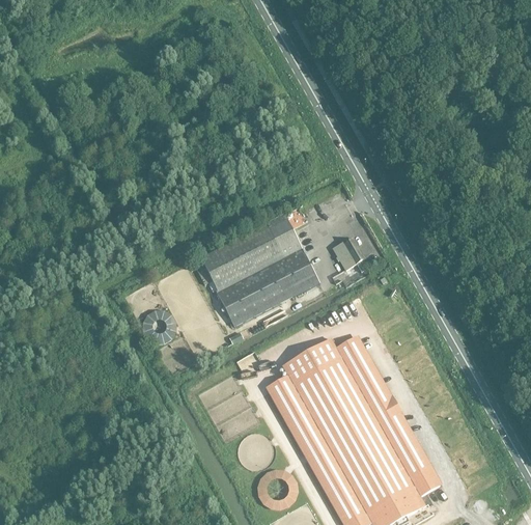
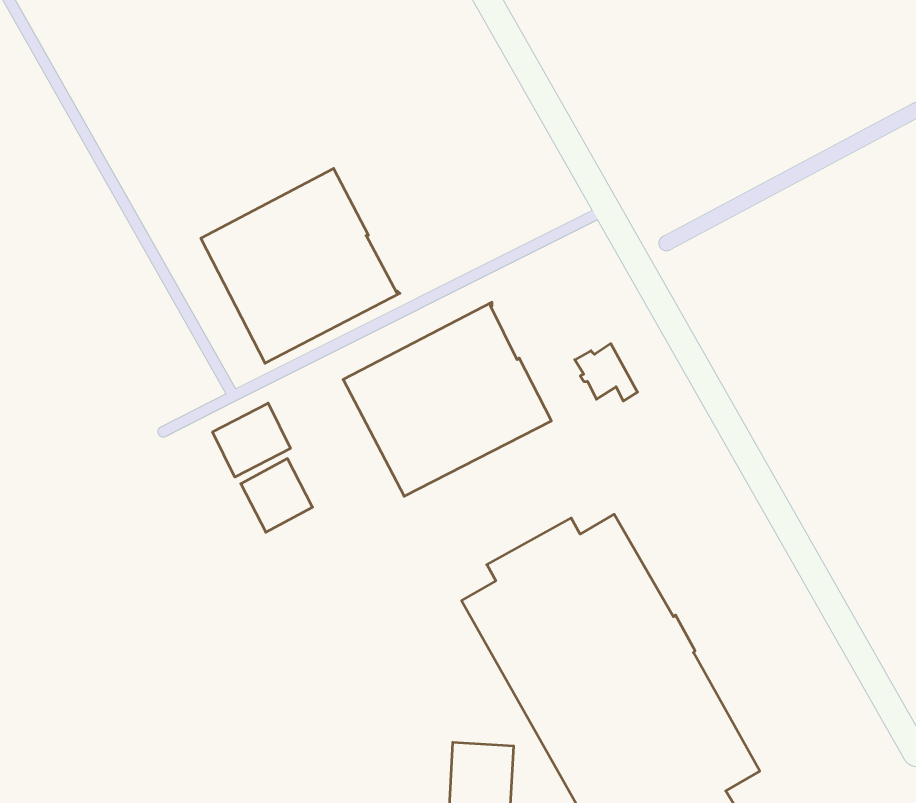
building: none -> [201,168,400,363]
building: none -> [213,403,290,477]

